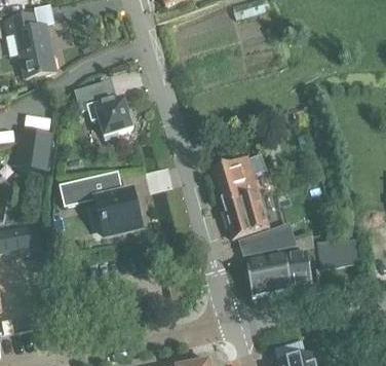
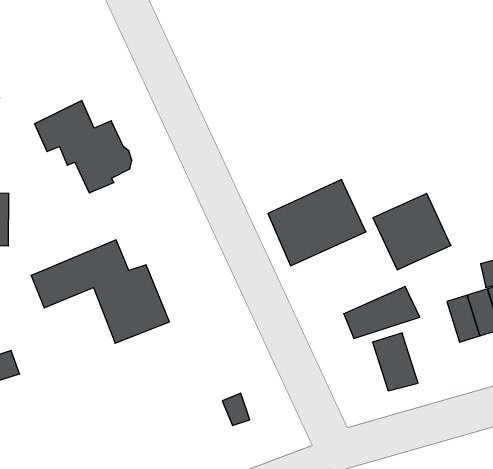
building: [222,193,268,239] -> [373,193,451,270]
building: [285,253,311,289] -> none
building: [246,259,271,294] -> none

